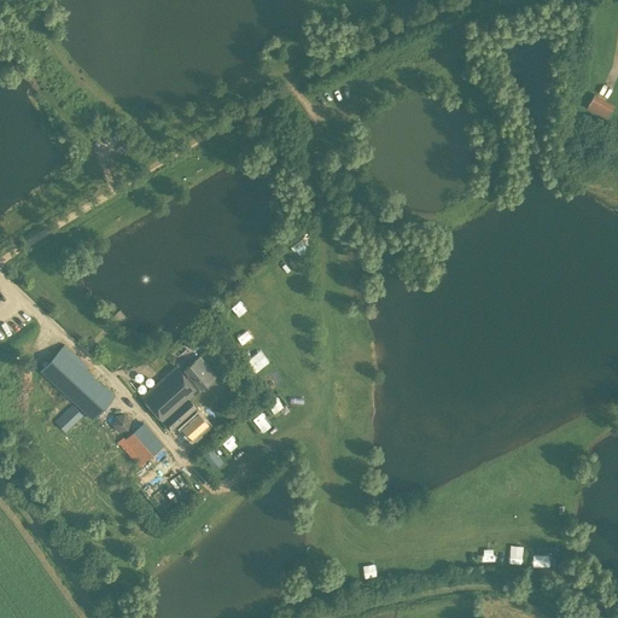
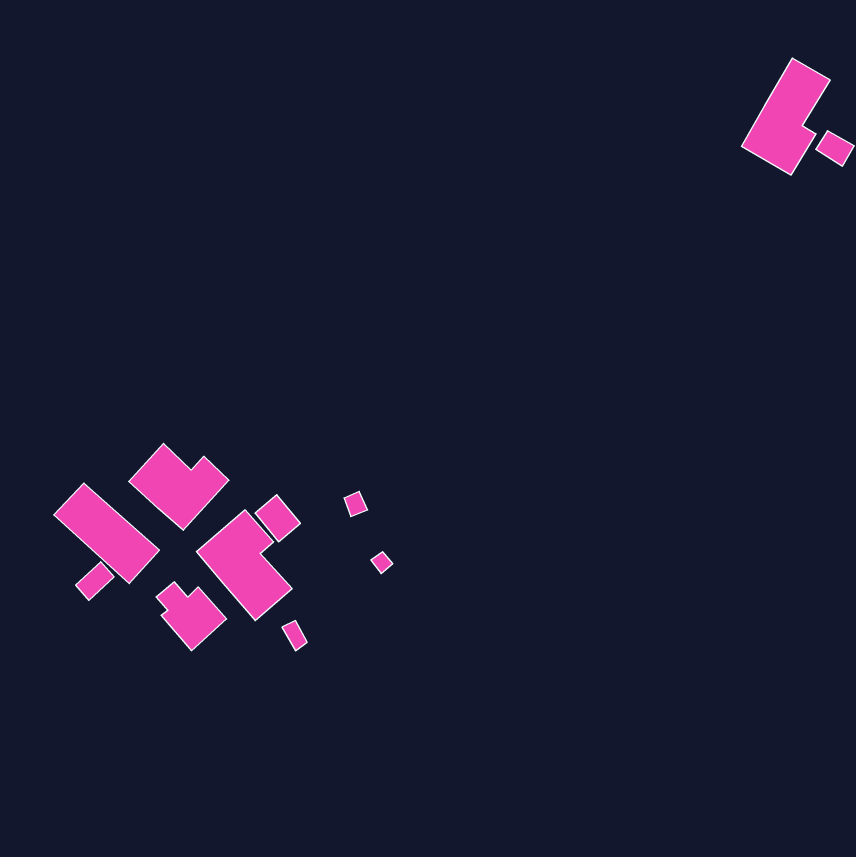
building: none -> [742,58,830,175]
building: none -> [129,443,229,530]

